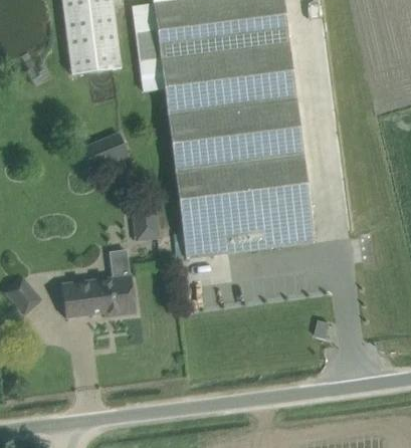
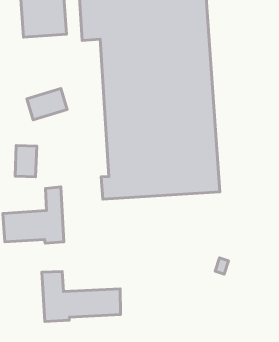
building: [133,202,158,239] -> [15,146,37,177]
building: none -> [42,272,121,321]

